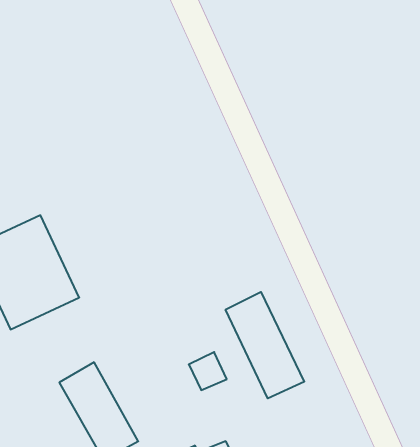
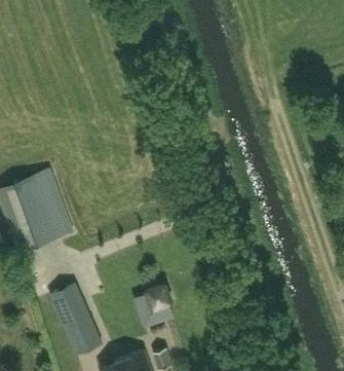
building: [226,292,304,398] -> none

